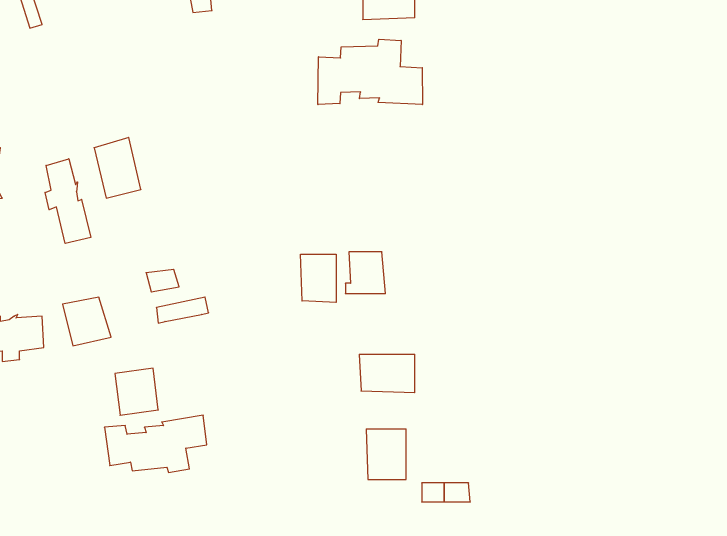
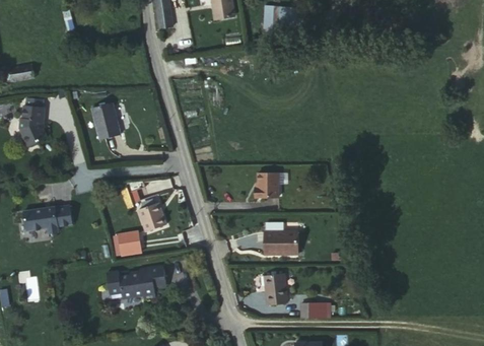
building: [318,39,422,105] -> none
building: [45,159,91,243] -> none
building: [301,254,336,302] -> none
building: [63,297,111,346] -> [142,206,170,234]

